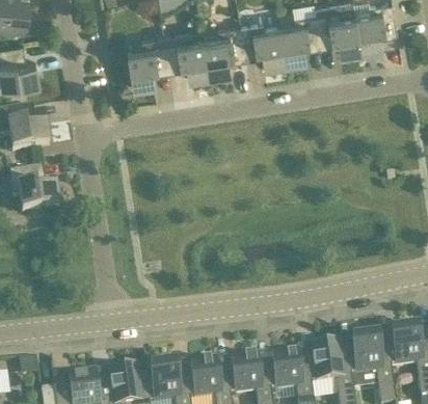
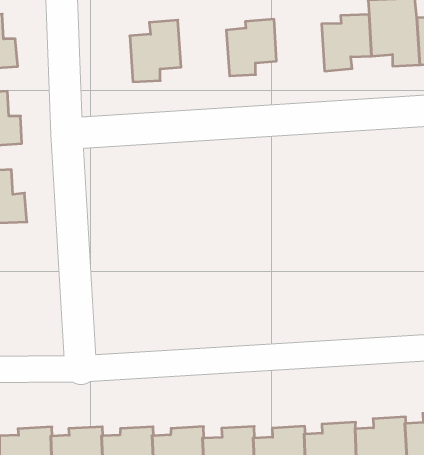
building: [241,27,286,71] -> none
building: [164,33,210,83] -> none

